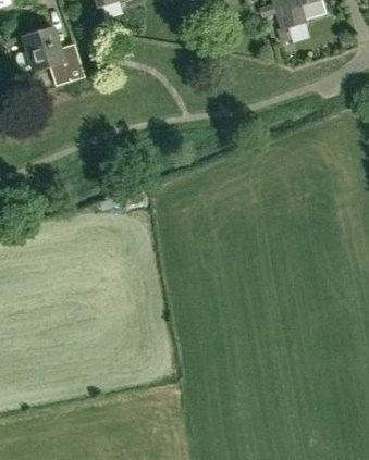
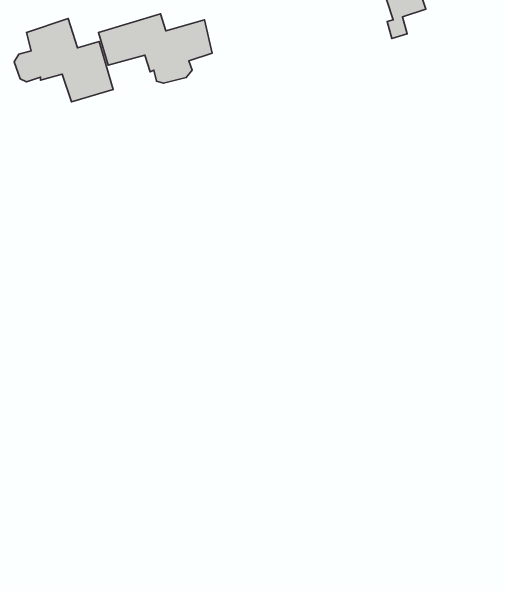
building: none -> [99,14,212,83]

